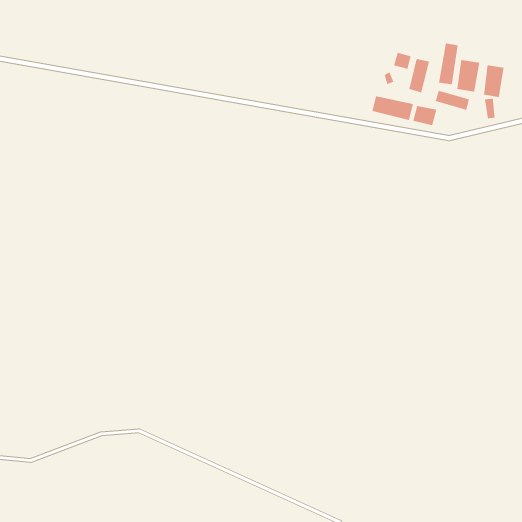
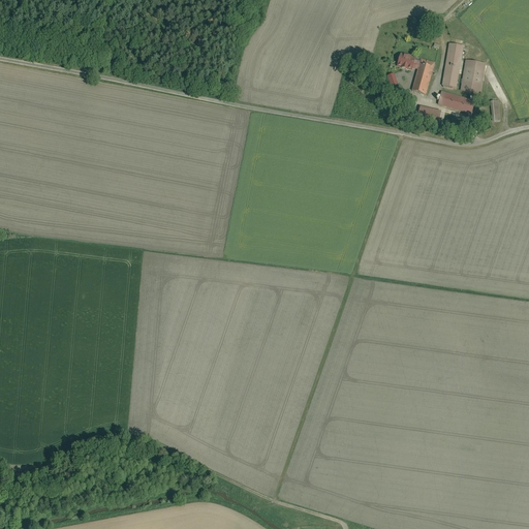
building: [483,64,504,98] -> none
building: [372,95,414,121] -> none

